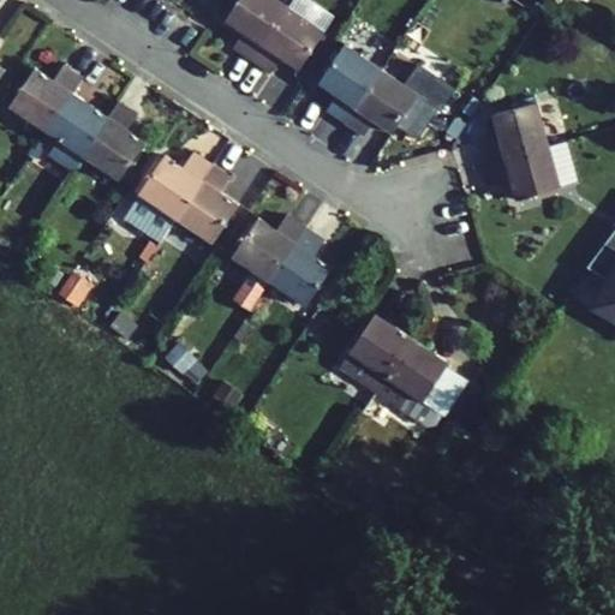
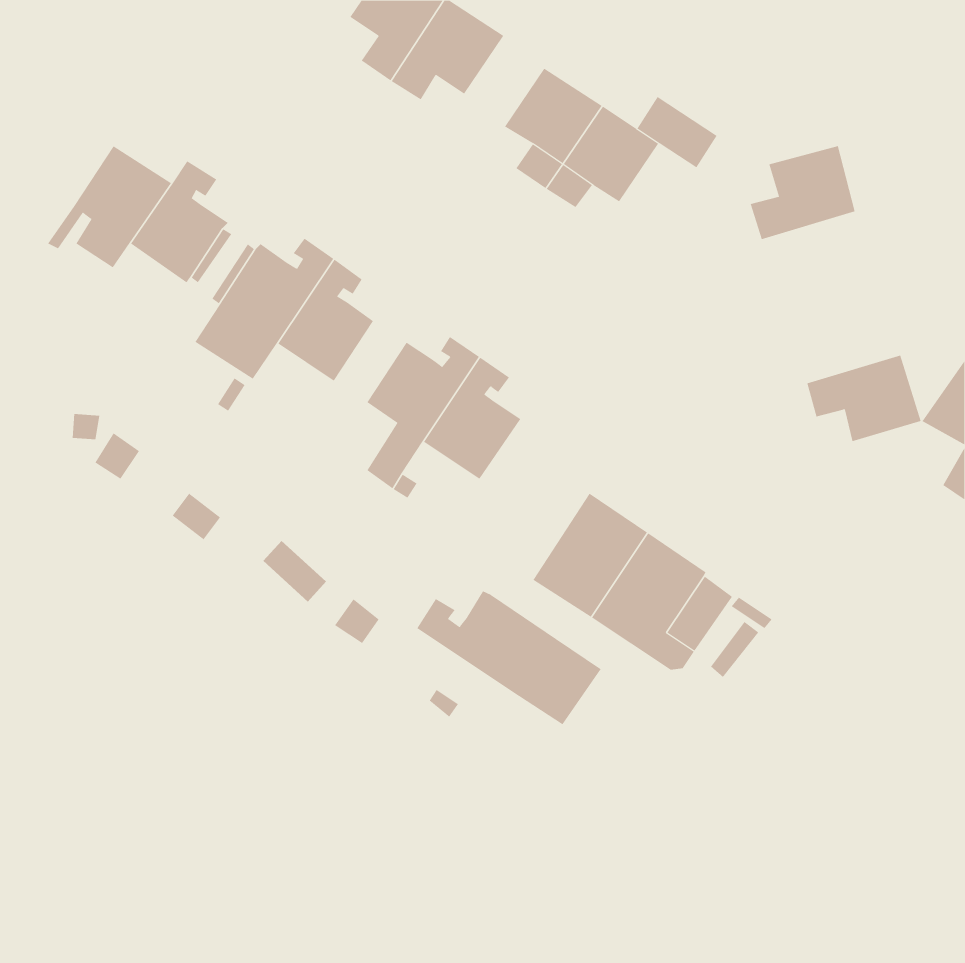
building: [10,66,83,132] -> none
building: [484,136,557,191] -> [806,355,922,442]
building: none -> [417,590,601,725]

